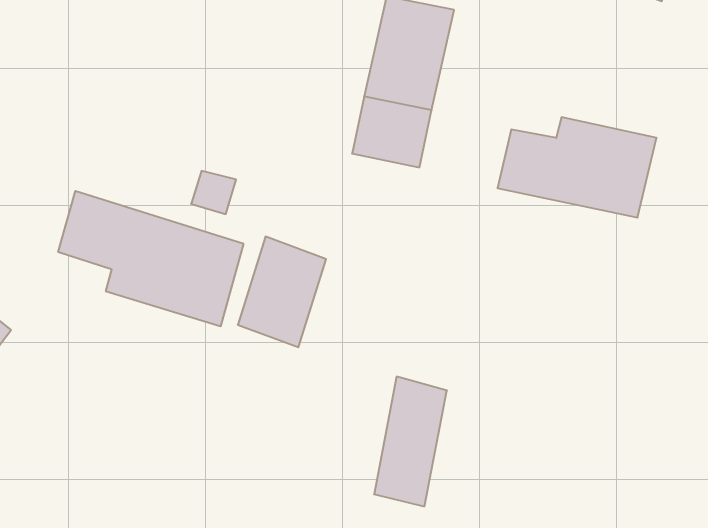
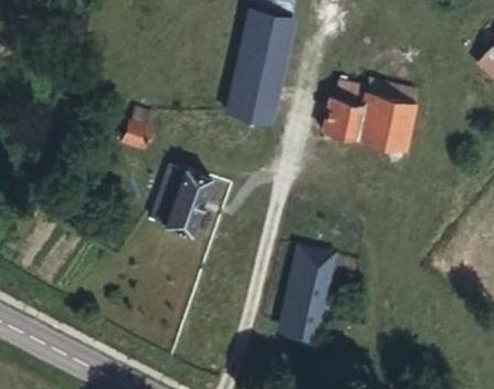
building: [58,191,243,326] -> none
building: [374,377,447,506] -> [285,248,332,330]

